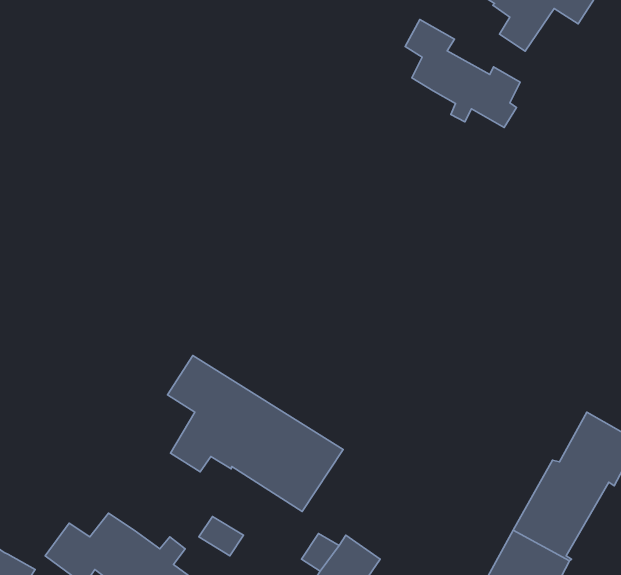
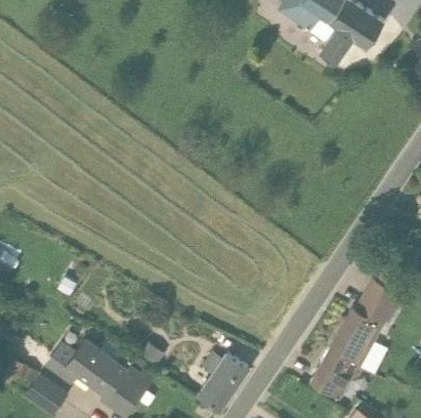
building: [405,20,520,127] -> none
building: [168,356,343,511] -> none

